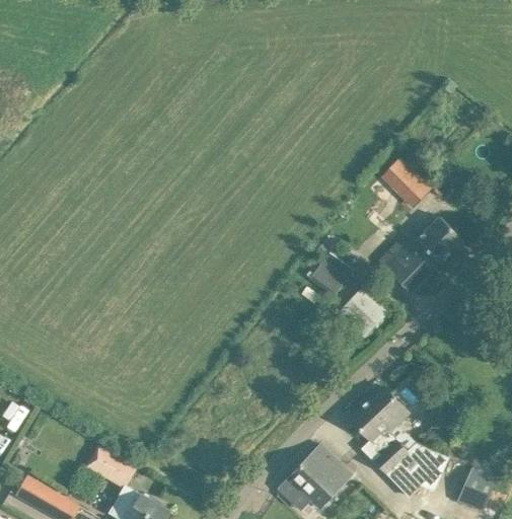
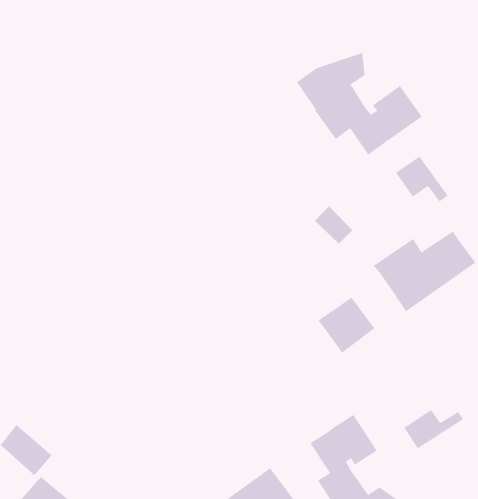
building: none -> [296,52,422,155]
building: [310,263,345,294] -> [314,206,353,244]
building: none -> [403,409,464,449]

